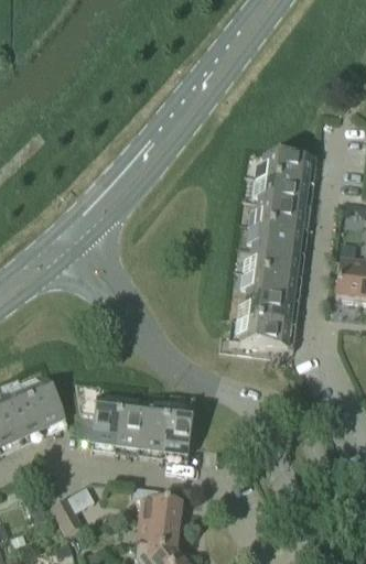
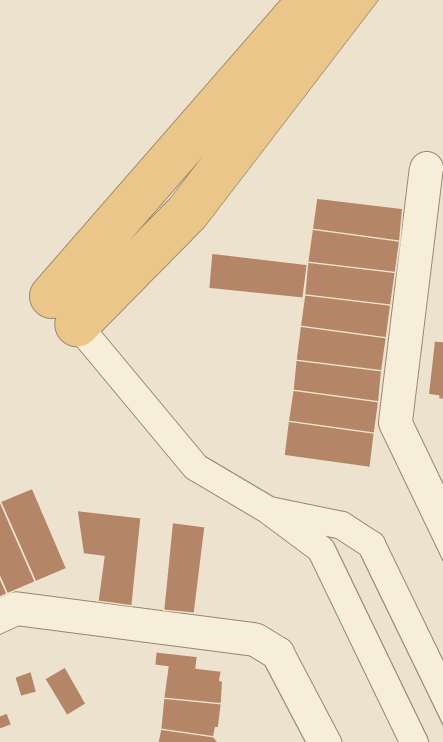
building: none -> [209,253,307,298]
building: [116,387,146,455] -> none
building: [162,393,195,460] -> none

